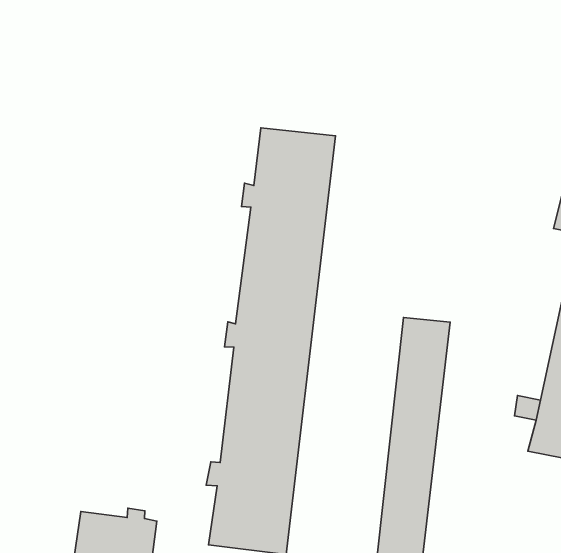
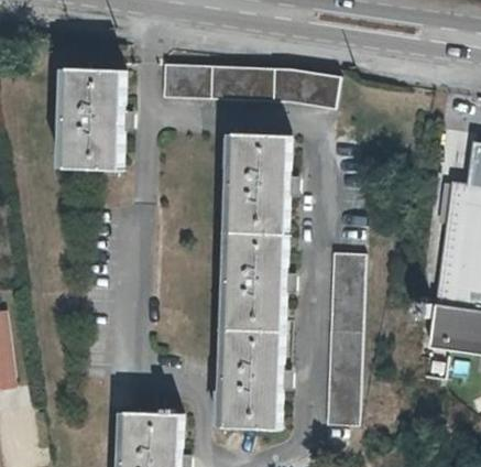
building: none -> [56,58,119,160]
building: none -> [165,67,343,115]

